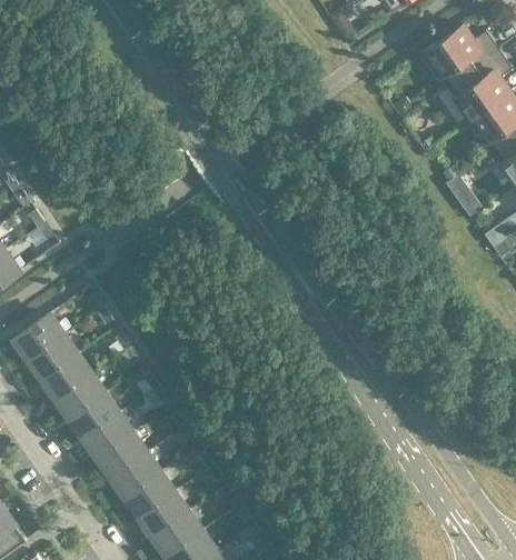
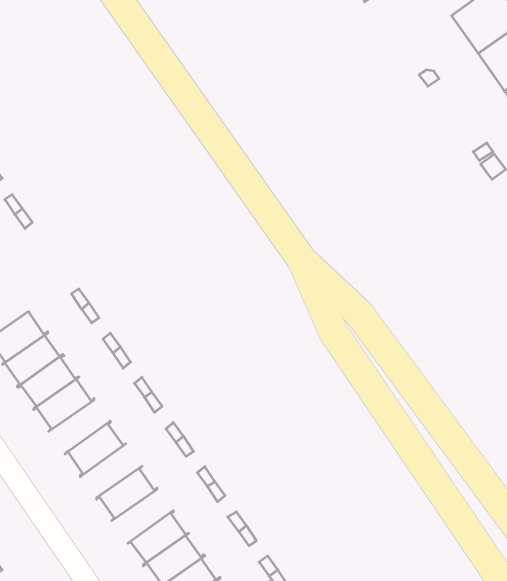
building: [67,392,121,440] -> none
building: [95,431,149,479] -> none
building: [122,471,177,519] -> none

